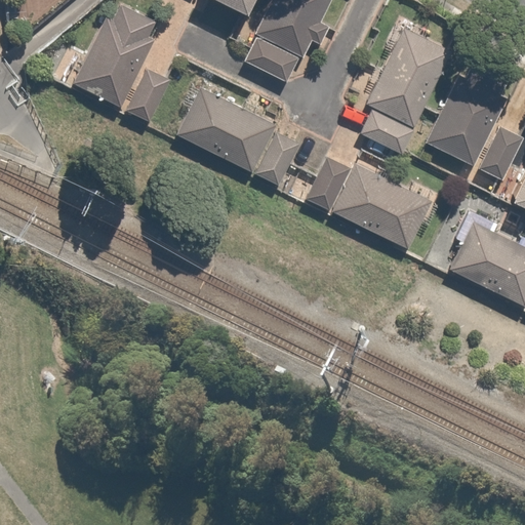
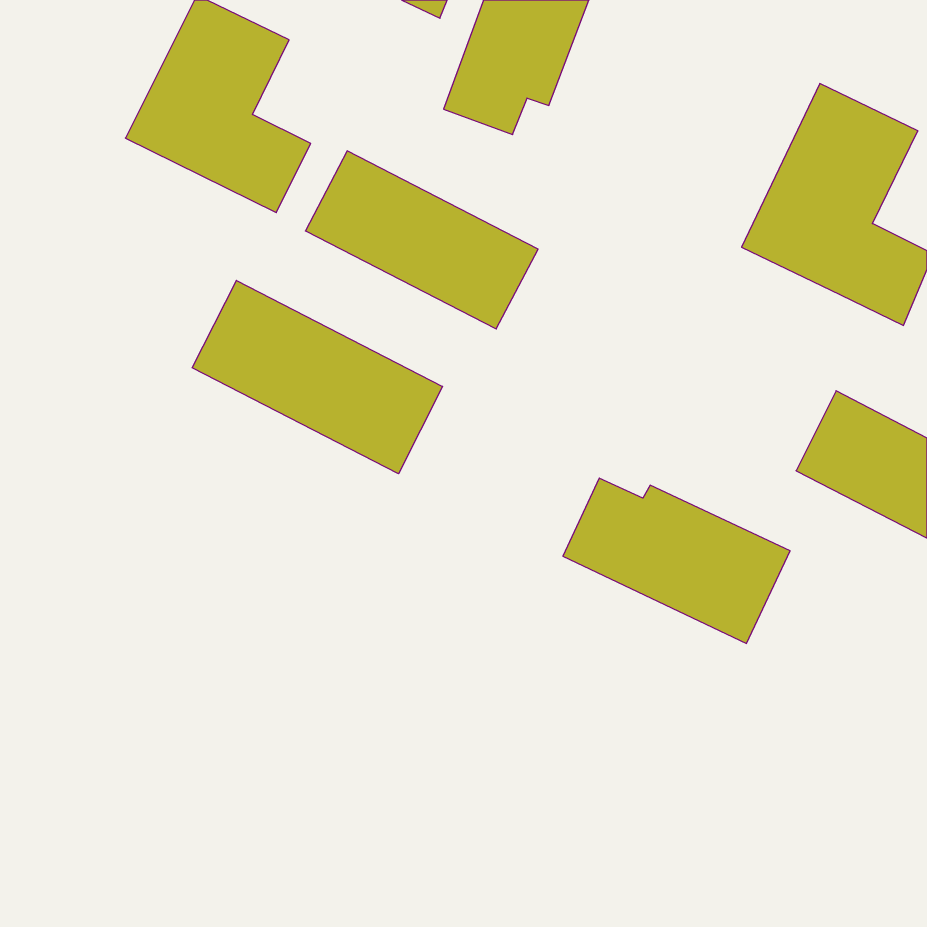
building: [352,32,448,154] -> none
building: [305,155,433,248] -> [563,478,790,643]
building: none -> [192,280,443,474]

